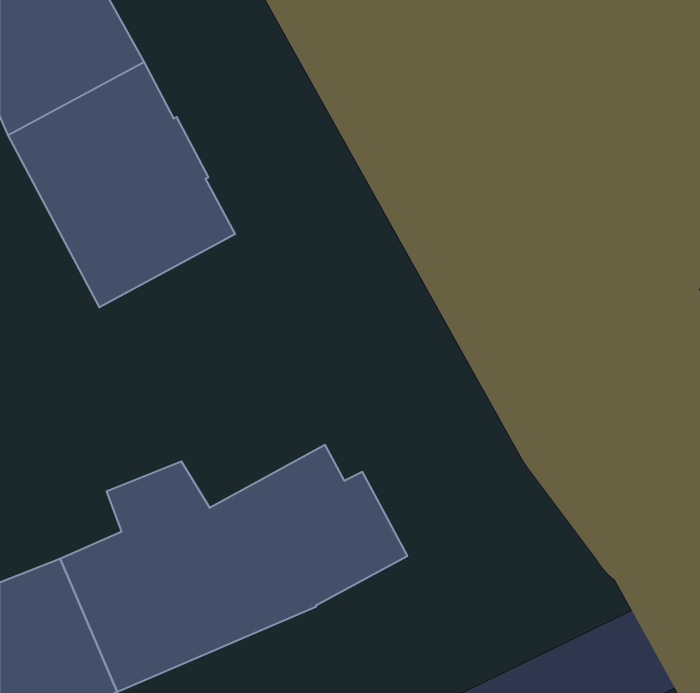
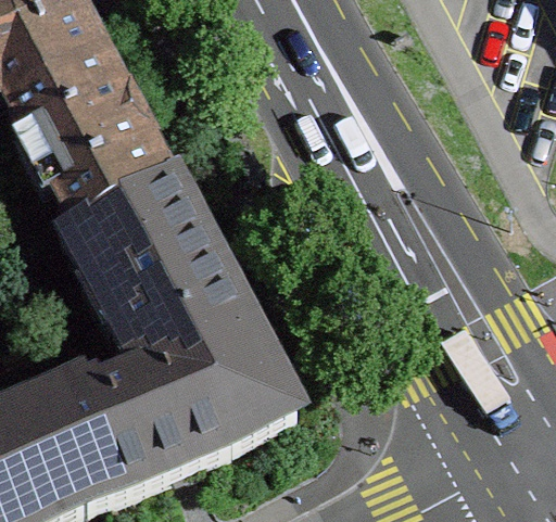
building: none -> [75,175,252,373]

